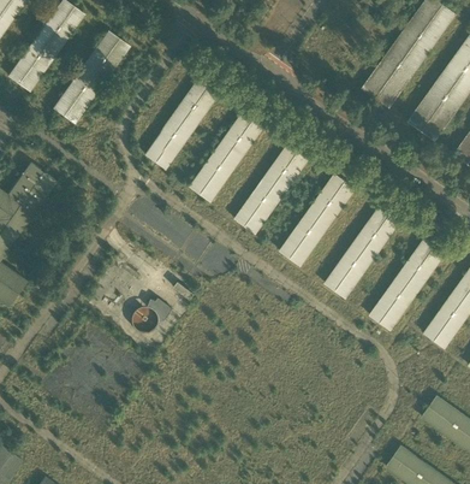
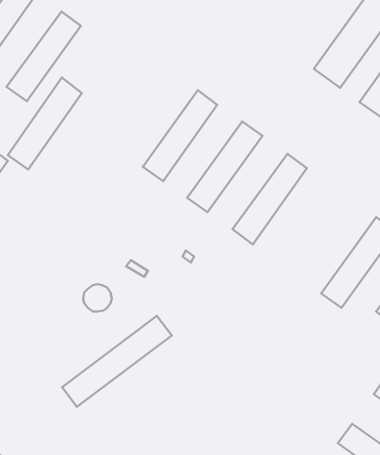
building: [145,76,220,169] -> [8,78,82,170]
building: [325,205,400,296] -> none
building: none -> [62,316,172,407]

